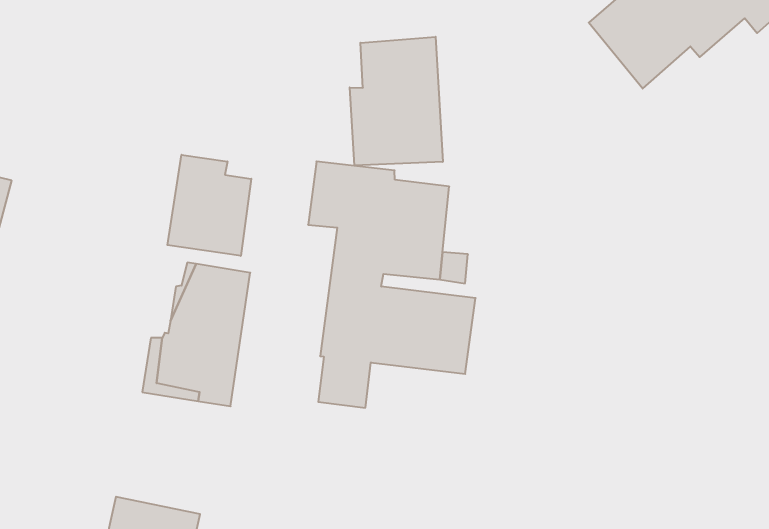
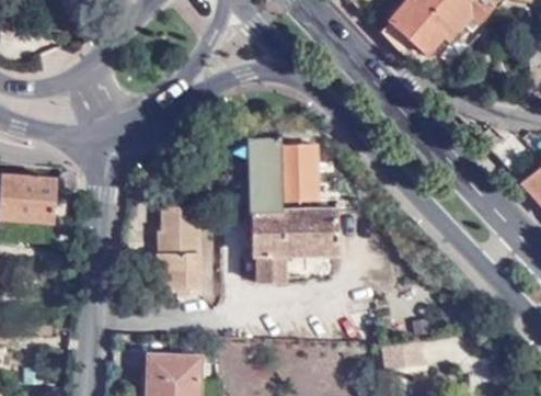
building: [350,37,443,165] -> none
building: [167,155,251,256] -> none

